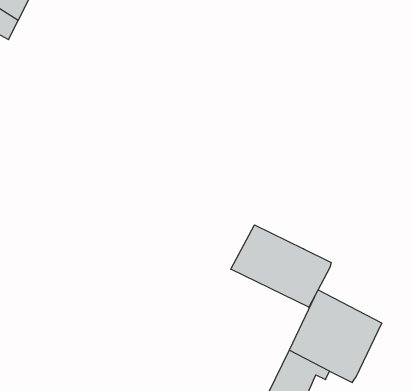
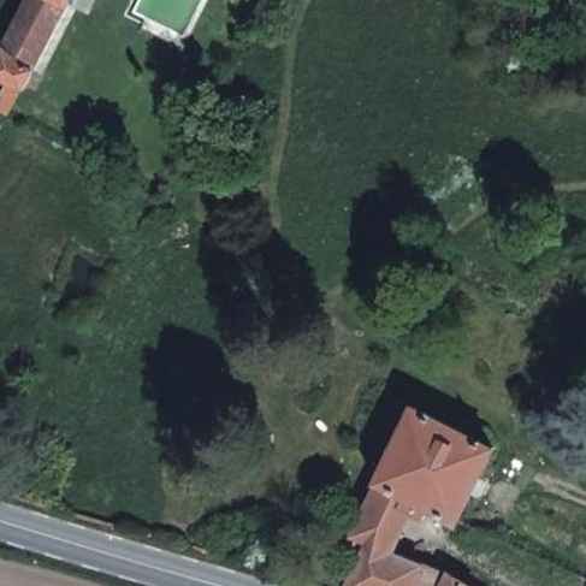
building: [231,225,331,307] -> none

